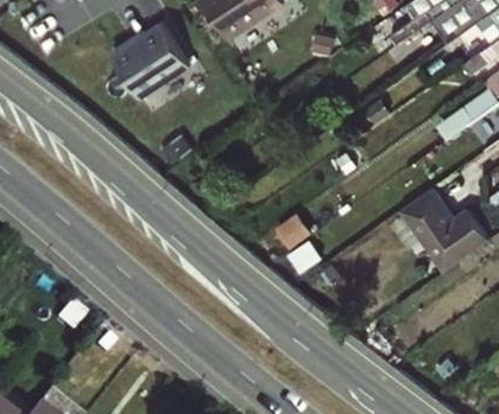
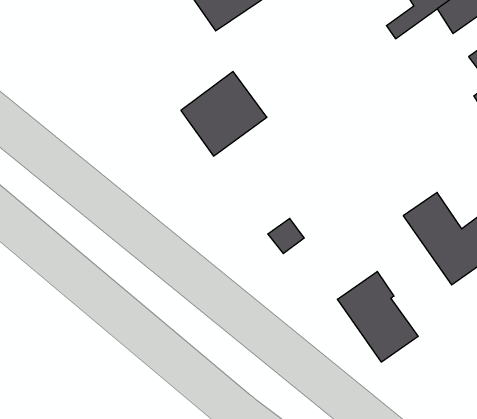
building: [120,17,198,94] -> [181,71,267,156]
building: none -> [337,271,418,362]

